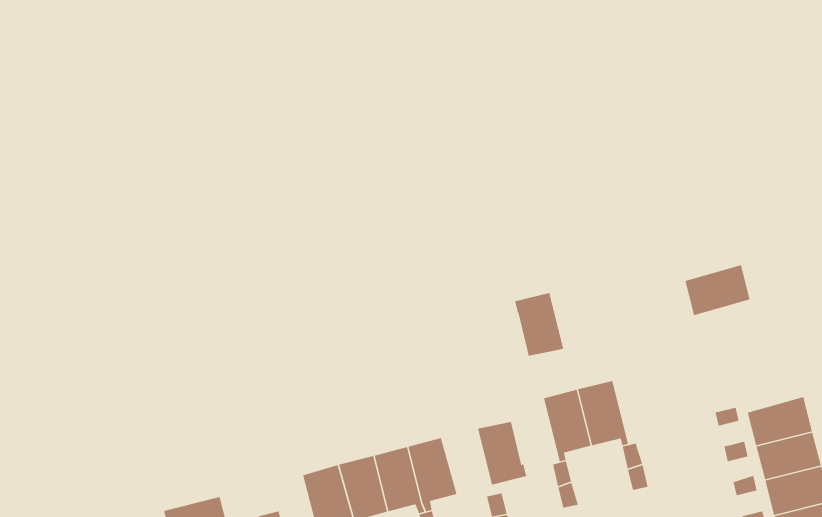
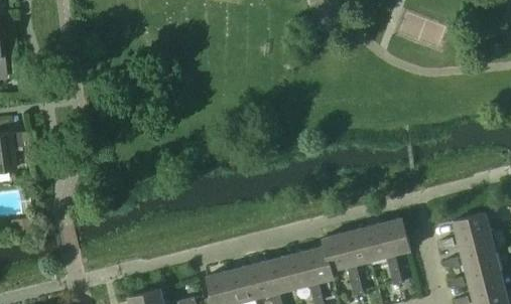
building: [685,264,751,316] -> [453,212,490,242]
building: [514,292,564,358] -> [323,234,351,271]
building: none -> [382,218,410,256]
building: none -> [285,251,313,288]

